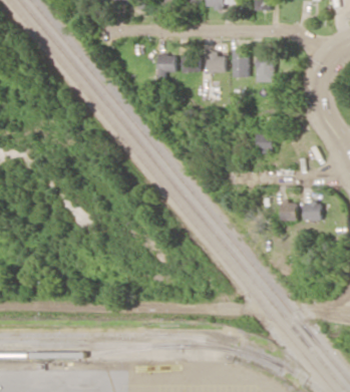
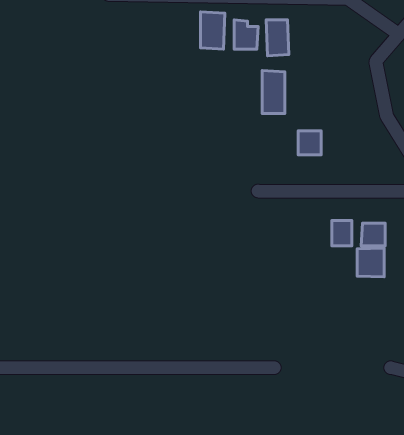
building: [256,50,273,82] -> [262,71,285,113]
building: [156,54,174,80] -> none
building: none -> [357,248,384,277]

